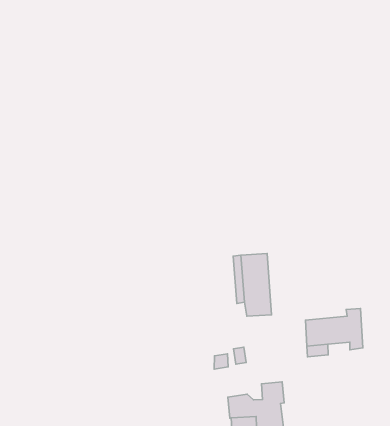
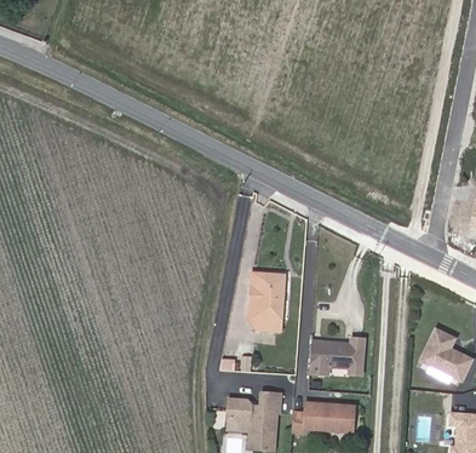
building: none -> [292,401,355,432]

